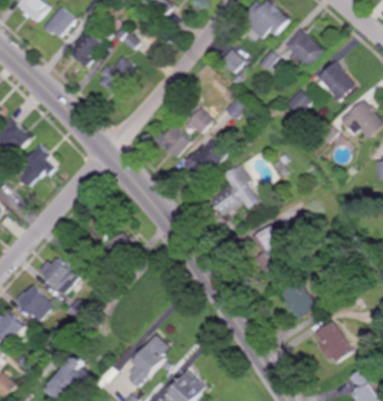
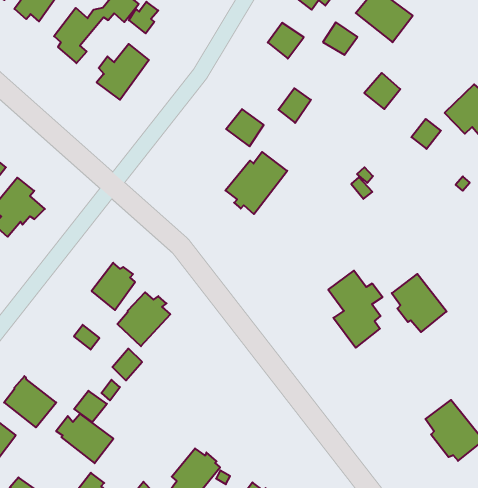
building: [315,60,354,100] -> none
building: [152,124,190,157] -> none
building: [209,163,256,215] -> none
building: [38,258,78,293] -> [56,414,113,463]
building: [279,279,316,320] -> [392,274,447,332]

